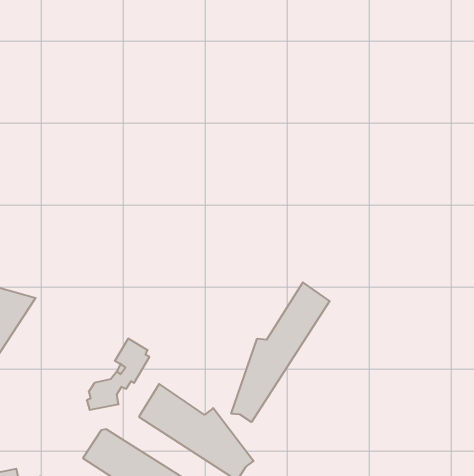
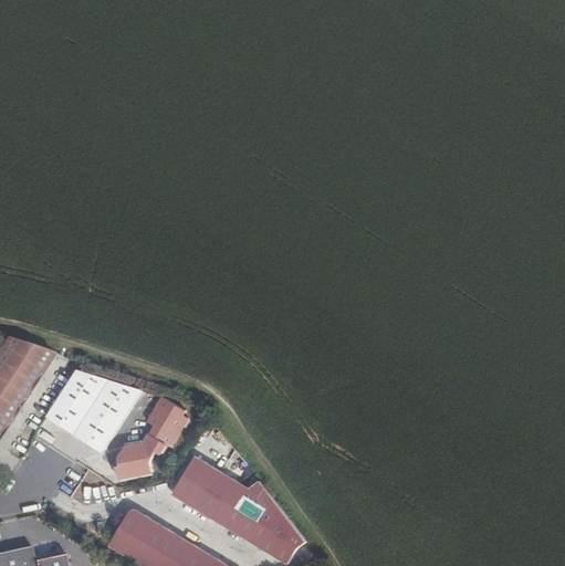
building: [231,282,330,422] -> none
building: none -> [49,371,145,451]

